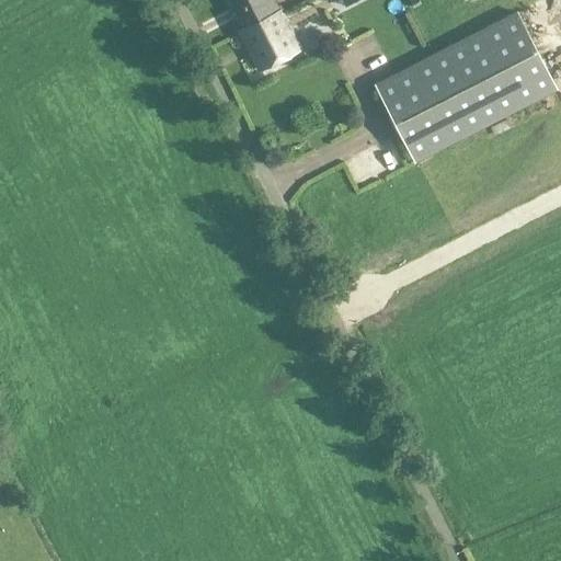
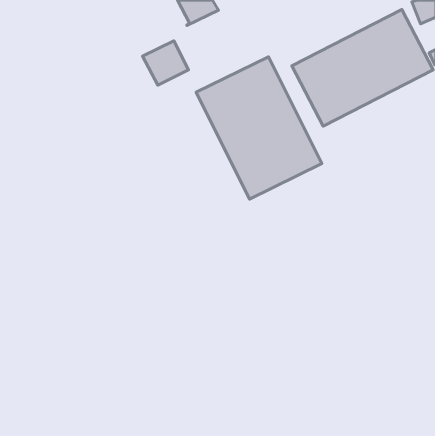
building: [241,13,300,70] -> [142,41,188,85]
building: none -> [196,57,322,199]

